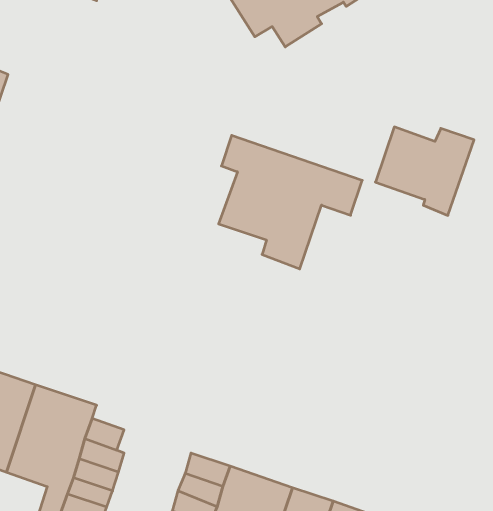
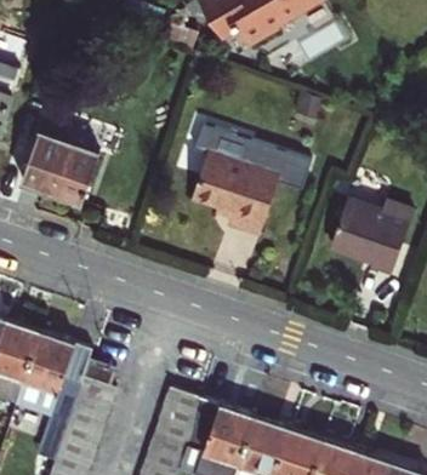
building: [375,127,474,215] -> [332,200,415,274]
building: none -> [23,133,101,205]

